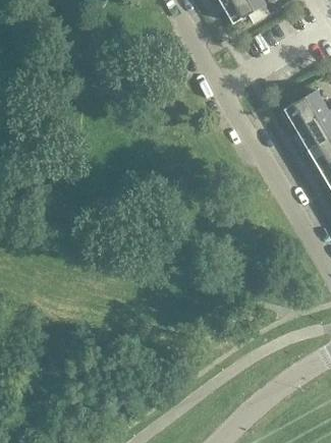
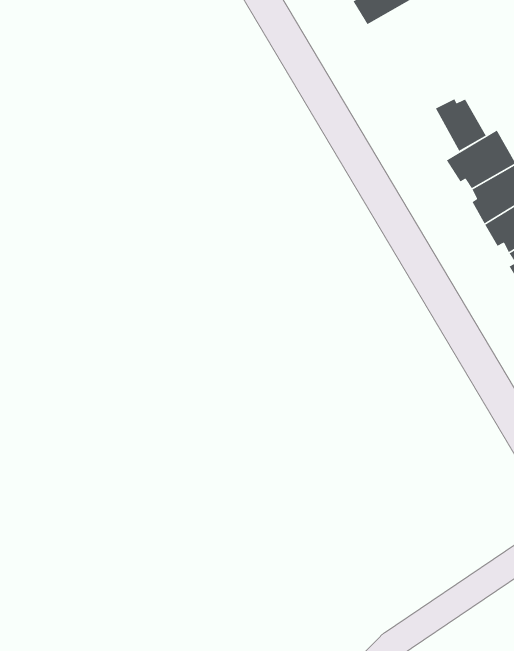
building: none -> [435,98,487,152]

